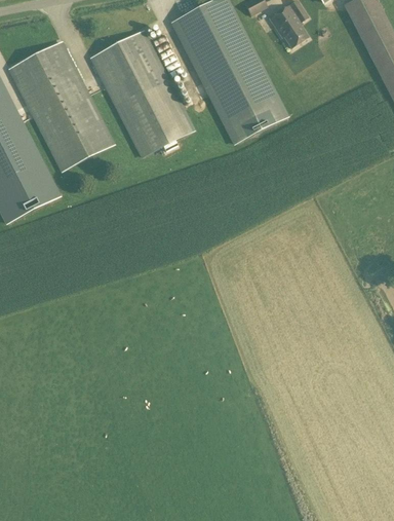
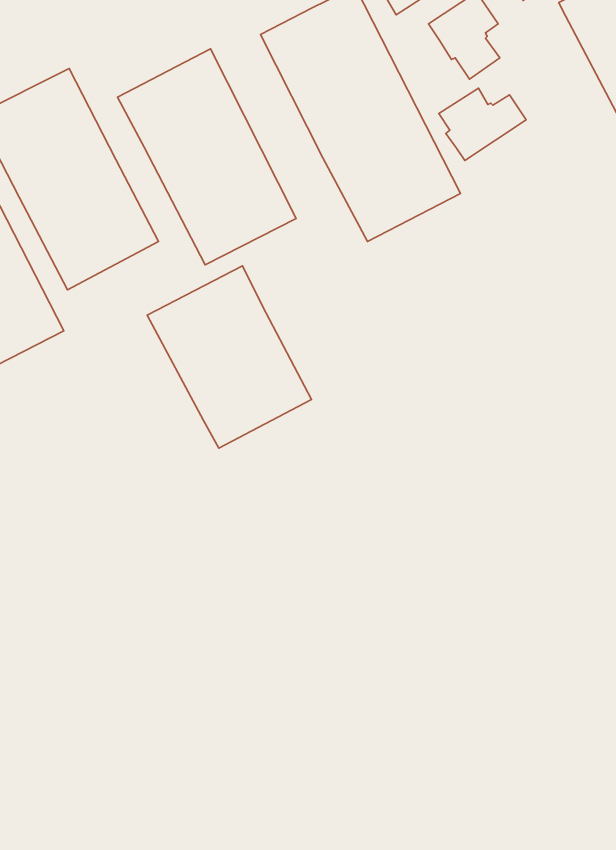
building: none -> [439,88,526,160]
building: none -> [147,266,312,448]

